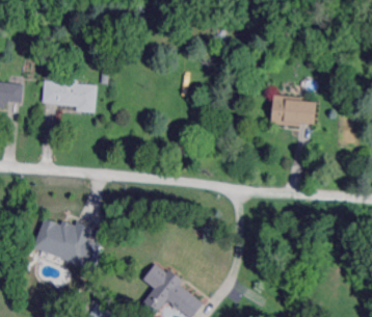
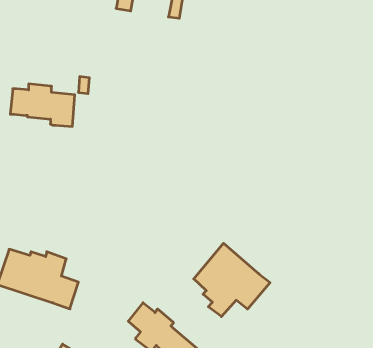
building: [270,97,316,127] -> none
building: none -> [194,243,270,317]

